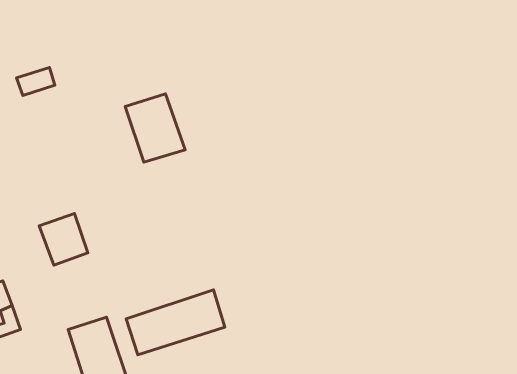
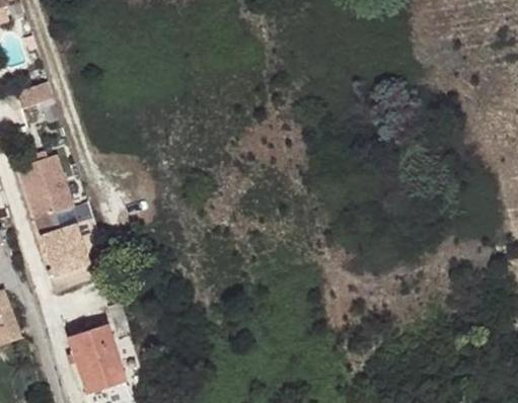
building: [125,94,185,162] -> [17,153,76,220]
building: [126,290,225,355] -> none

